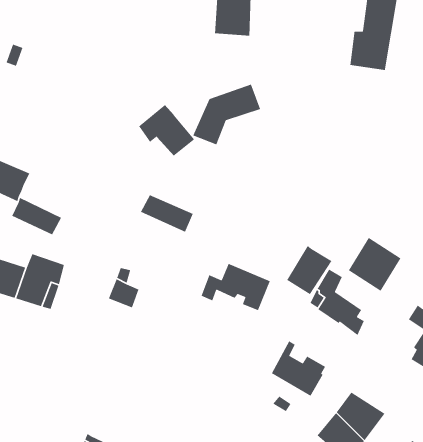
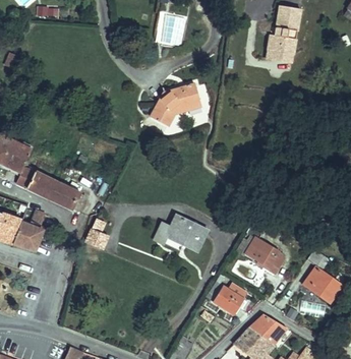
building: [138,104,195,156] -> none
building: [140,194,194,233] -> [43,184,82,213]
building: [348,237,402,292] -> none
building: [286,245,332,295] -> none

